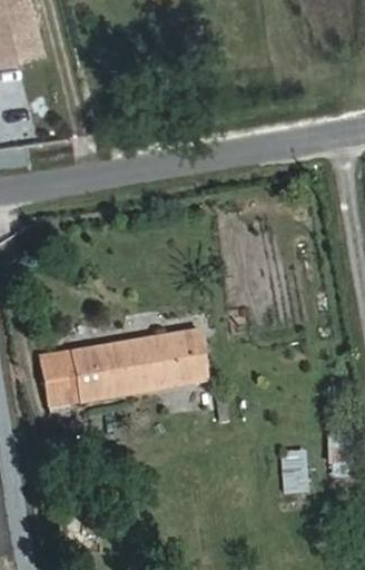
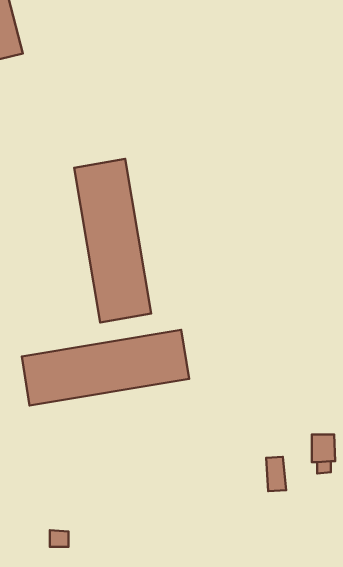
building: none -> [74,159,151,323]

